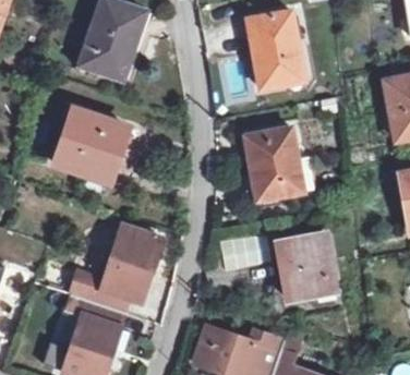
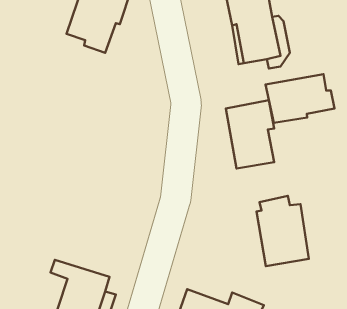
building: none -> [266,74,334,123]
building: [56,106,129,180] -> none
building: [69,222,164,311] -> none

